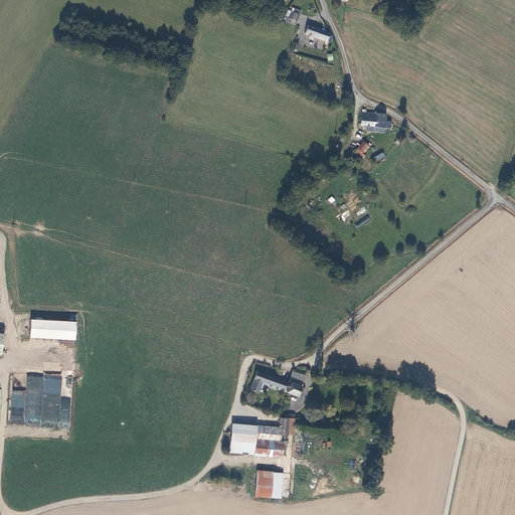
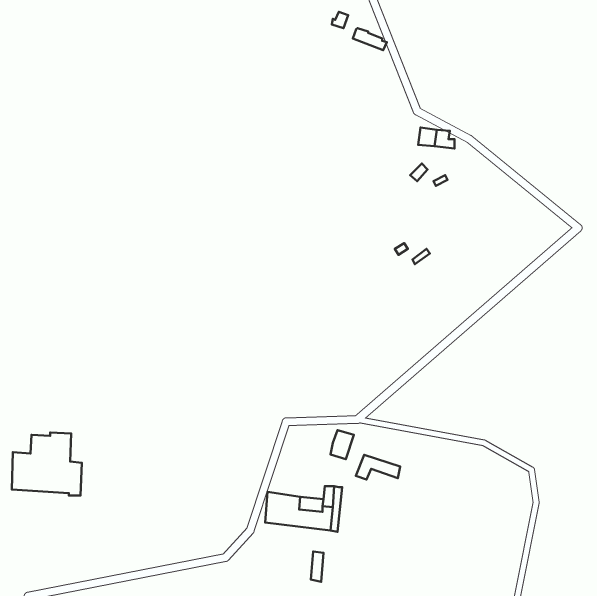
building: [29,318,75,339] -> none
building: [248,371,287,392] -> [356,455,400,479]
building: [251,471,270,499] -> none

